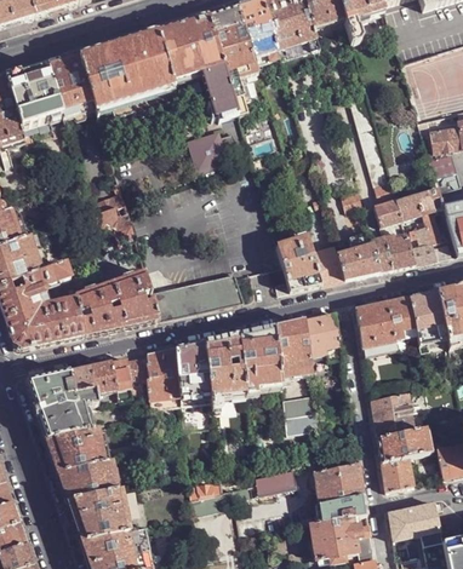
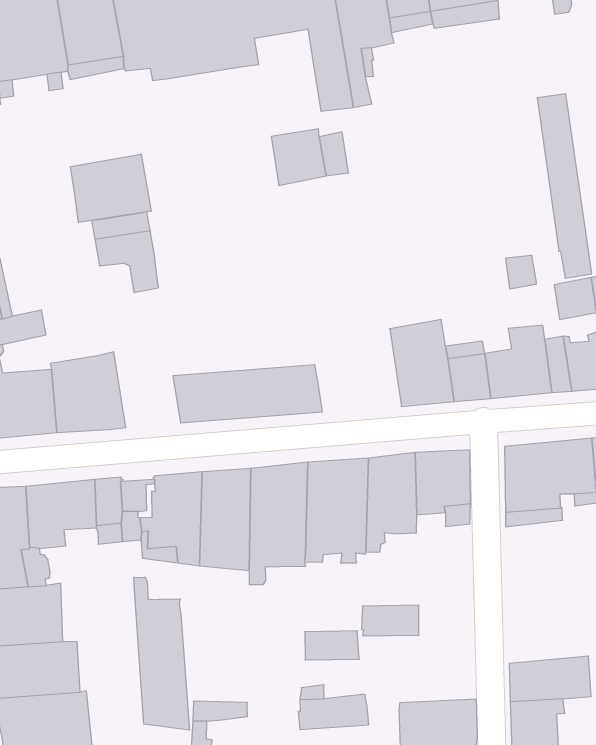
building: none -> [71,154,151,223]
building: [113,270,159,326] -> none
building: [371,390,413,430] -> none
building: [282,392,318,414] -> [305,631,359,660]
building: none -> [134,577,189,730]

